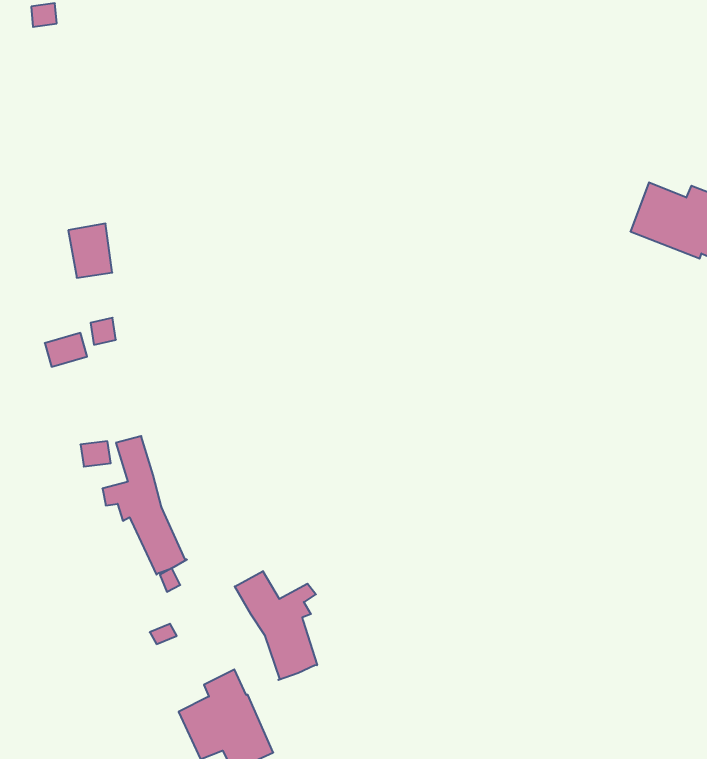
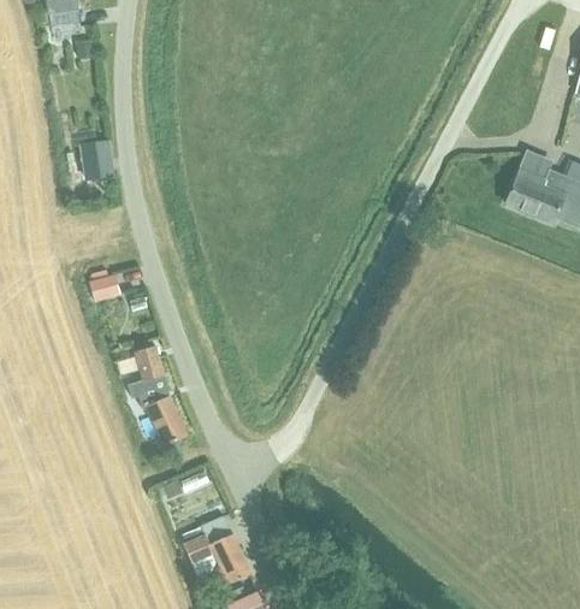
building: [68,224,112,278] -> [83,140,114,178]
building: [235,571,317,680] -> none

